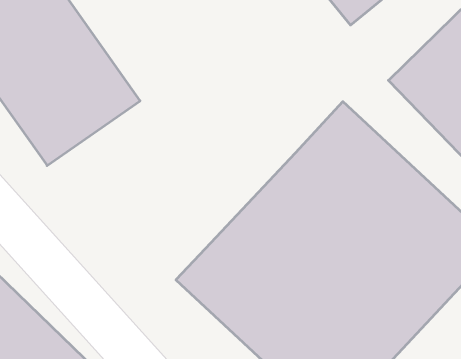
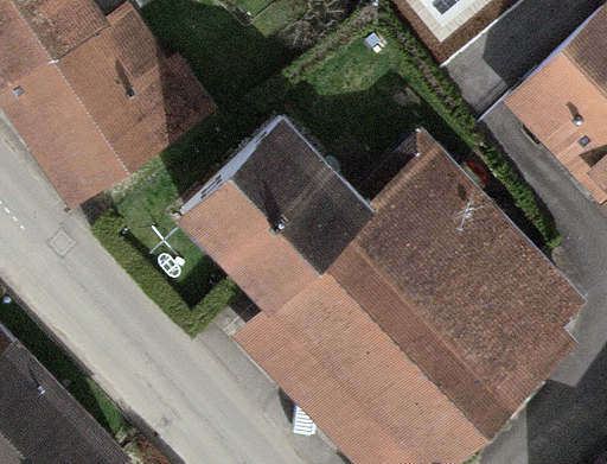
building: none -> [178,107,375,310]

